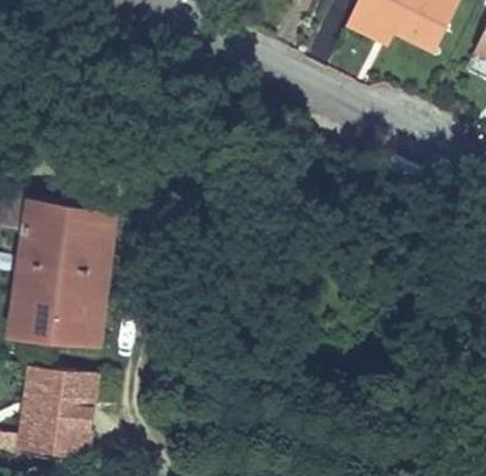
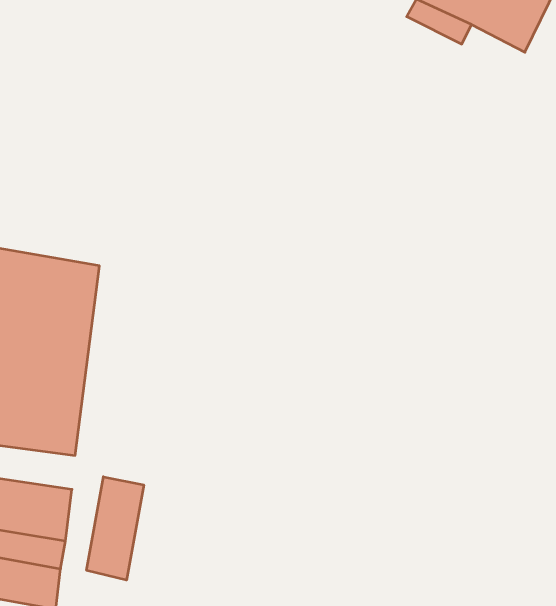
building: none -> [87,477,144,580]

